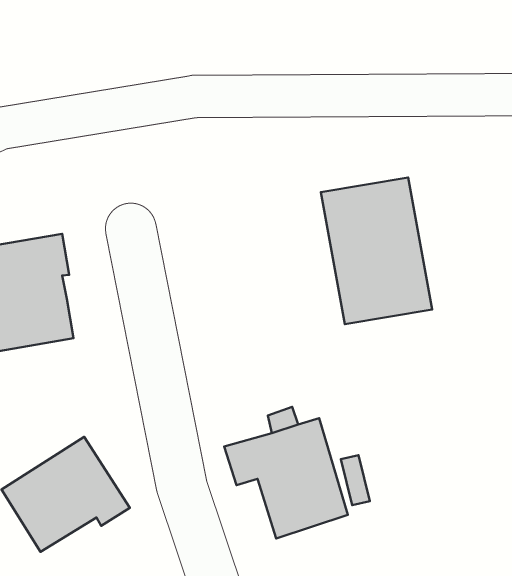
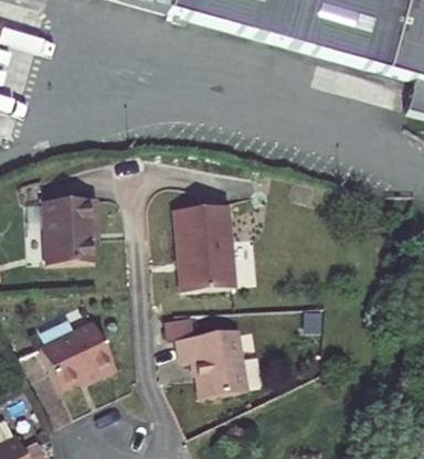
building: [321,178,432,324] -> [177,203,235,287]

